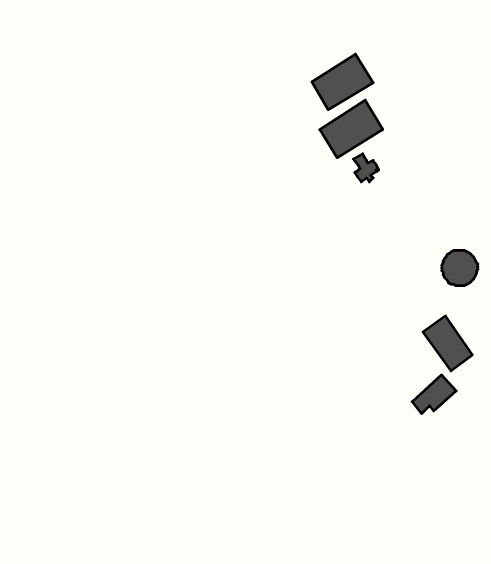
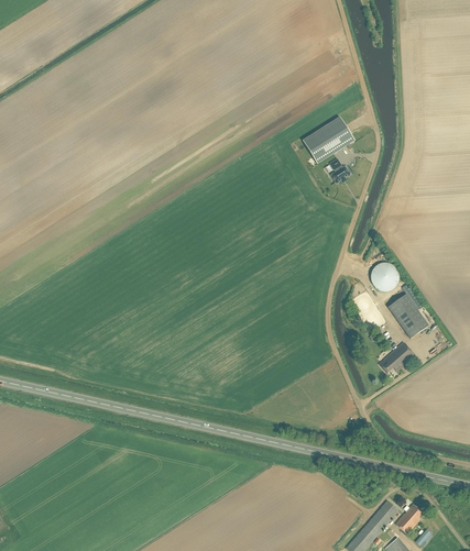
building: [312,54,373,110] -> none
building: [442,251,478,285] -> [370,262,400,290]

